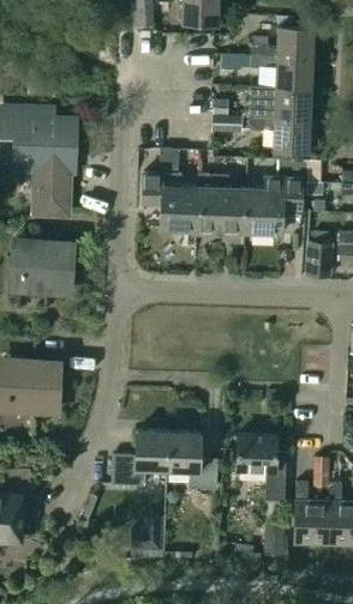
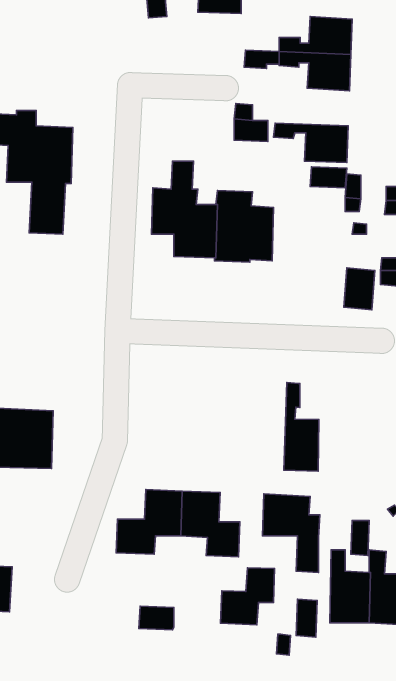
building: [247,87,311,120] -> none
building: [245,177,301,235] -> none
building: [19,241,72,295] -> none
building: none -> [284,382,319,471]
building: none -> [221,568,275,625]

